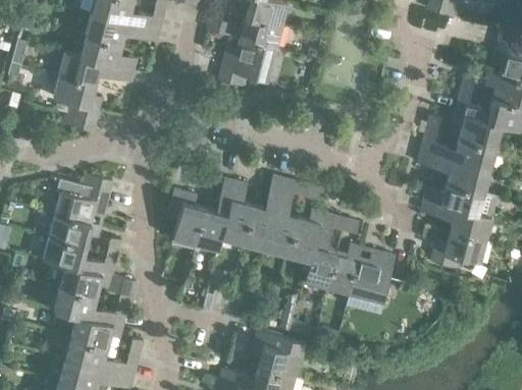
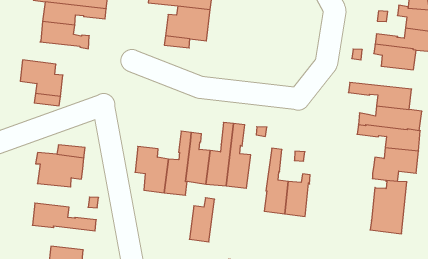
building: [57,52,133,85] -> none
building: [420,138,493,169] -> none
building: [288,210,322,260] -> [189,198,215,242]
building: [48,215,101,246] -> none
building: [346,252,395,314] -> [370,180,407,234]
building: [59,265,111,296] -> none

